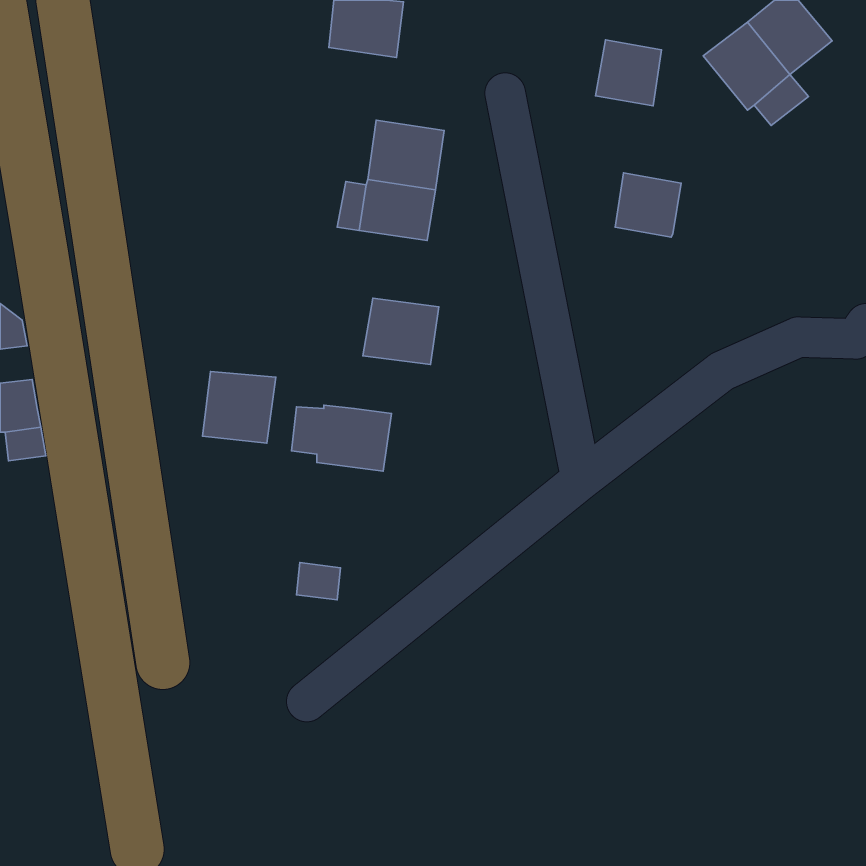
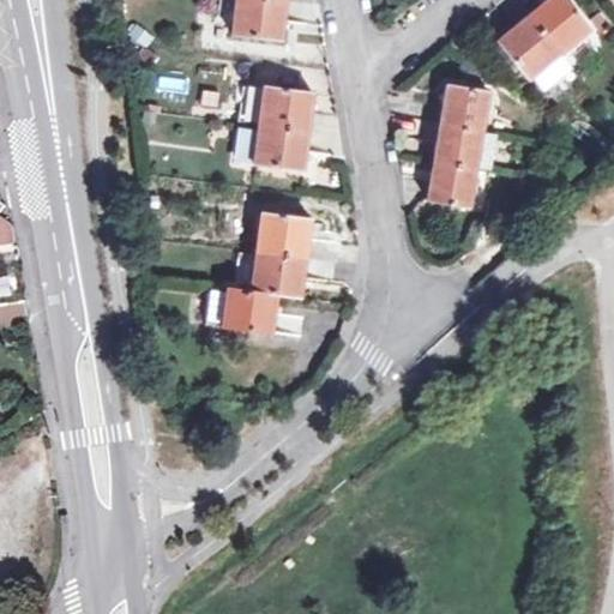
building: [595,40,662,106] -> [441,83,488,130]
building: none -> [429,161,475,207]
building: none -> [251,252,305,295]
building: [202,372,276,443] -> none

